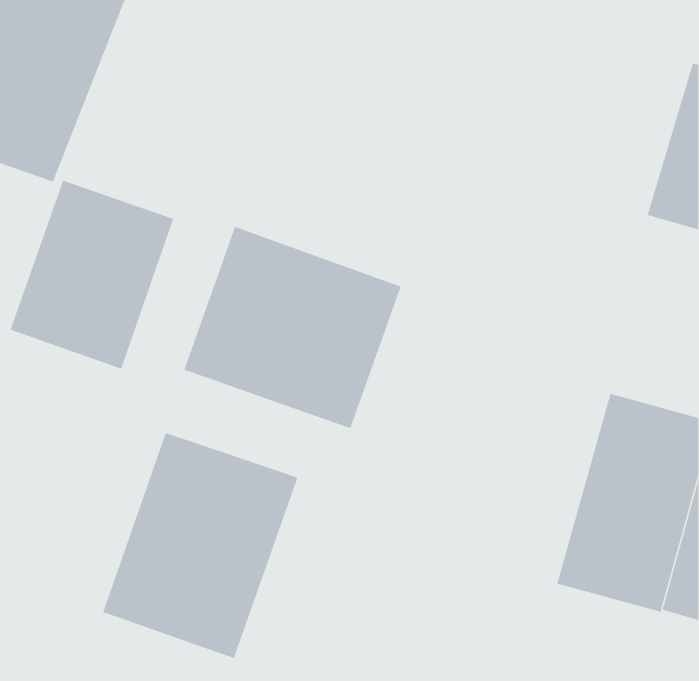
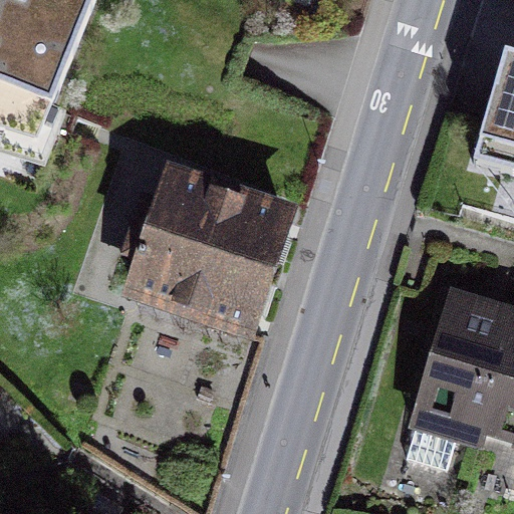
building: [10,180,174,370] -> none
building: [102,432,298,659] -> none

